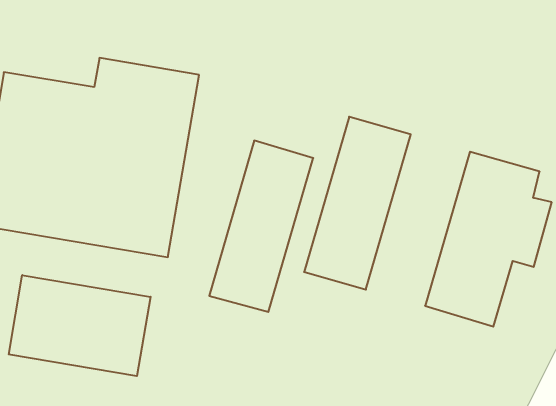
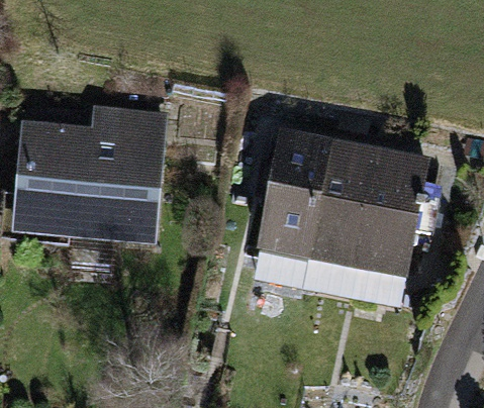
building: [209,141,313,312] -> [305,139,374,267]
building: [9,275,151,376] -> none

